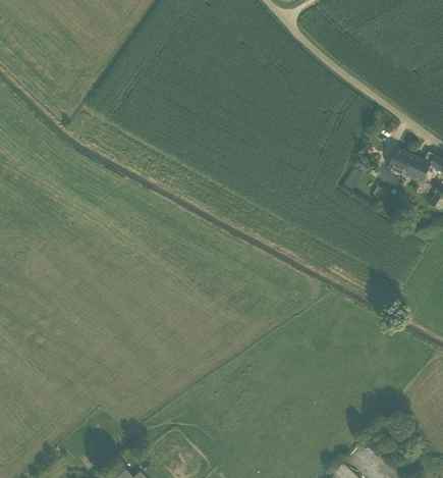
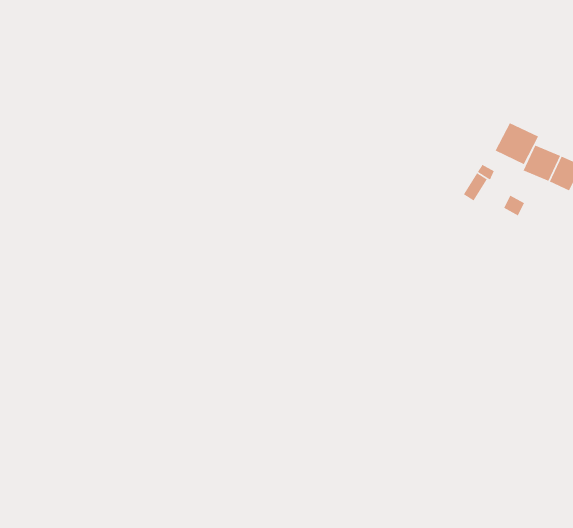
building: none -> [494,122,539,165]

